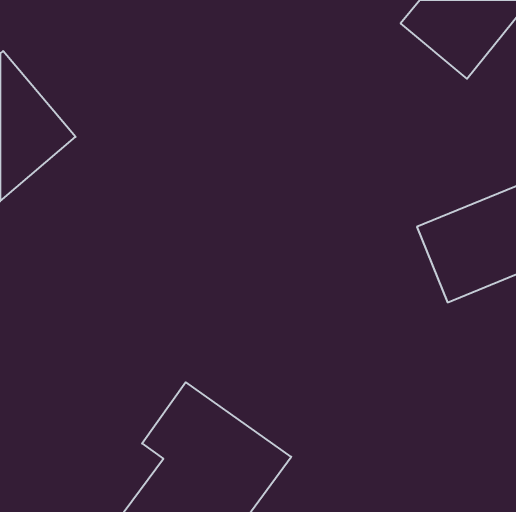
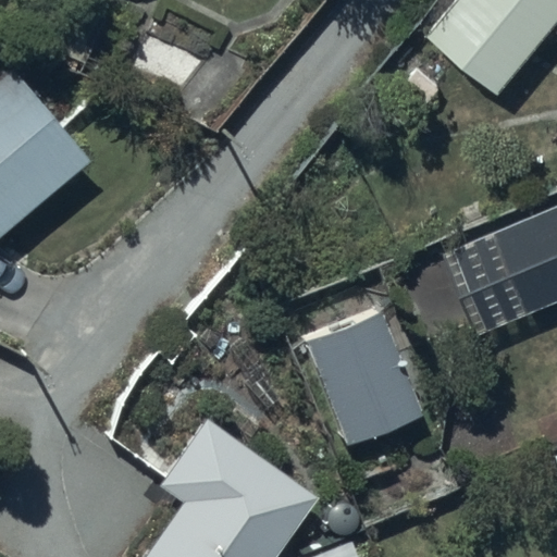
building: none -> [306,302,419,443]

